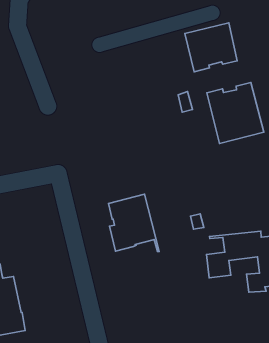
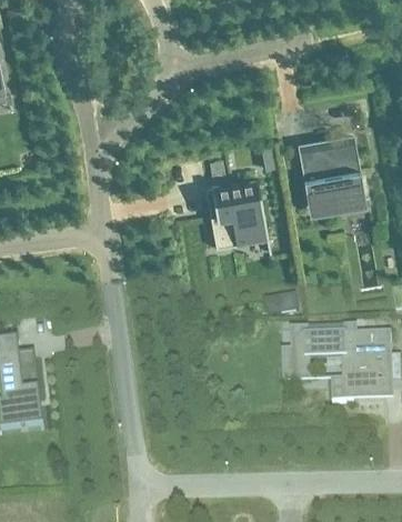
building: [185,23,237,72] -> none
building: [109,194,159,252] -> [209,177,270,251]

